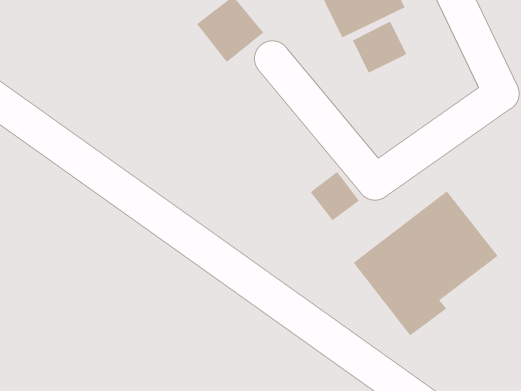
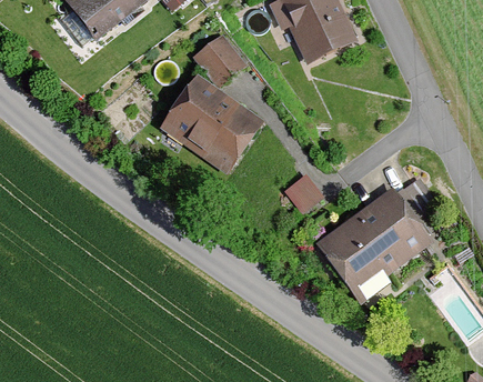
building: [352,21,407,74] -> none
building: none -> [160,74,263,172]

